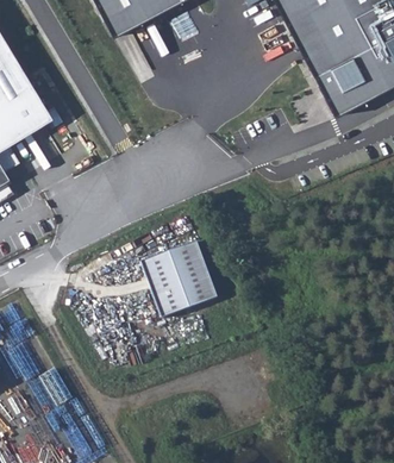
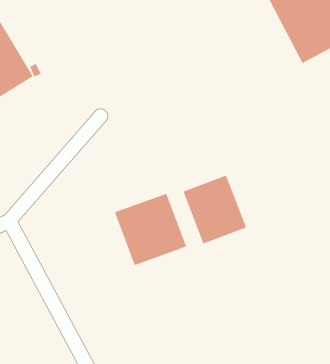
building: none -> [182,175,247,244]

